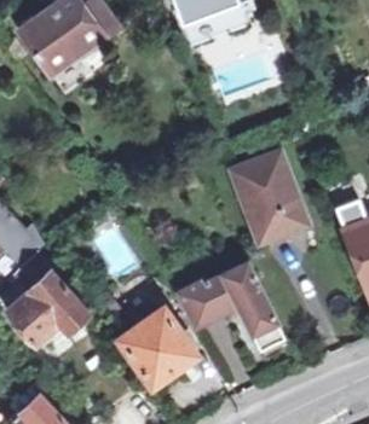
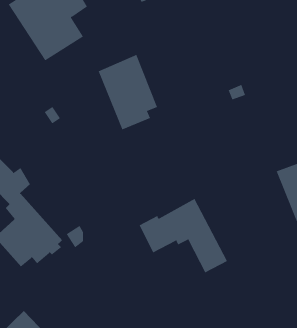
building: [230,151,302,243] -> [98,54,158,130]
building: [120,308,194,383] -> none

